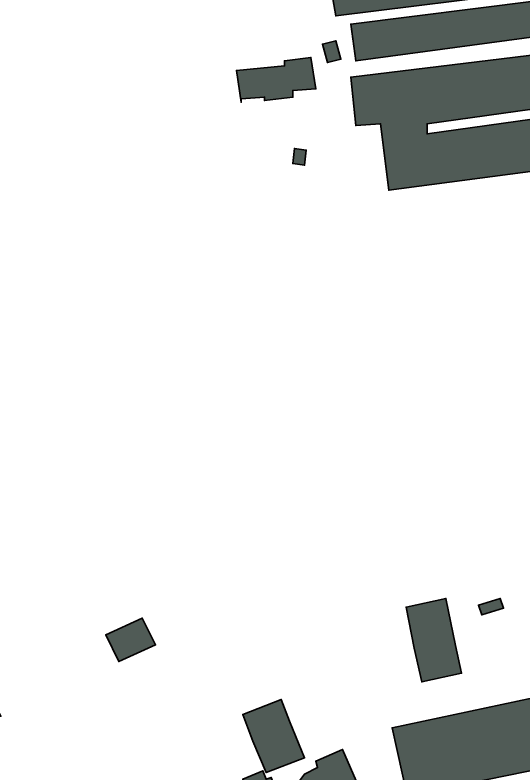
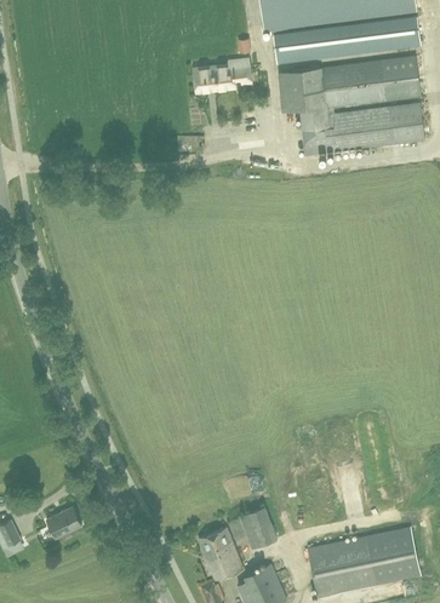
building: [406,599,462,682] -> none
building: [106,618,155,661] -> [46,506,82,538]
building: none -> [240,506,279,549]

